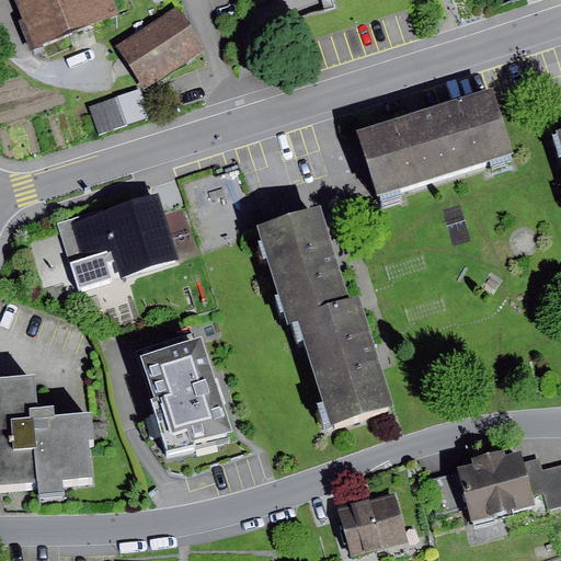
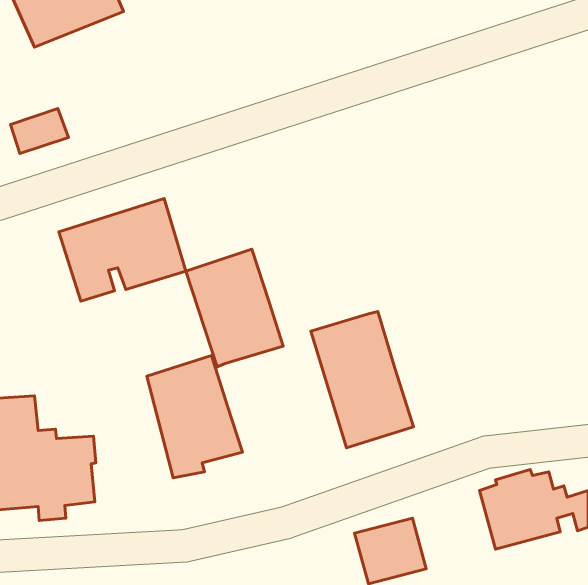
building: [117,10,203,89] -> none
building: [87,88,141,130] -> [11,109,68,154]
building: [355,89,511,195] -> none
building: [257,206,350,318] -> [186,249,283,367]

